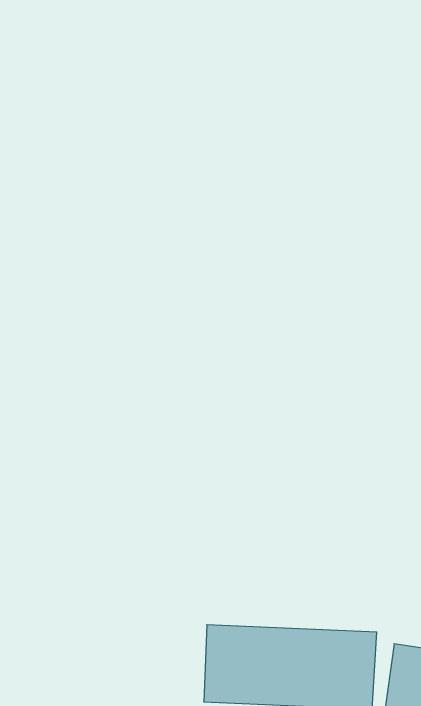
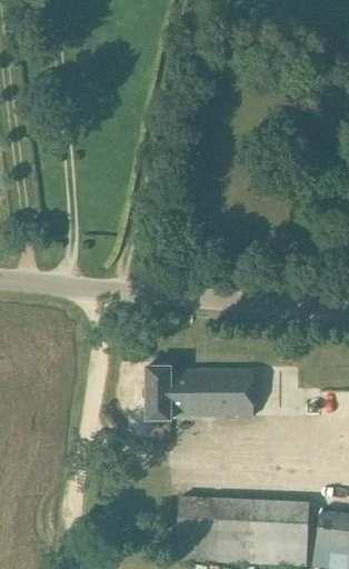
building: none -> [148,367,255,420]

